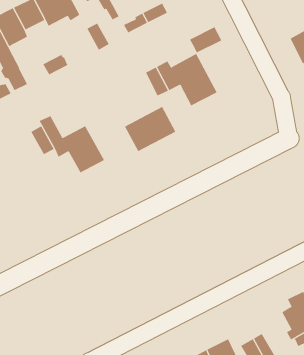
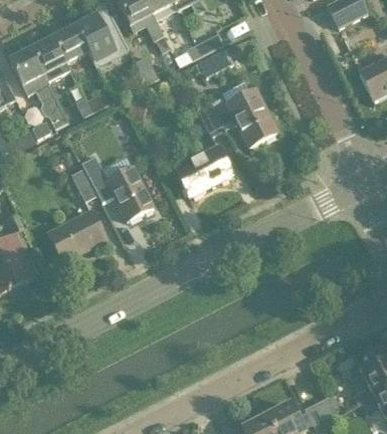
building: [189,27,222,53] -> [197,47,233,76]
building: none -> [49,210,107,260]

